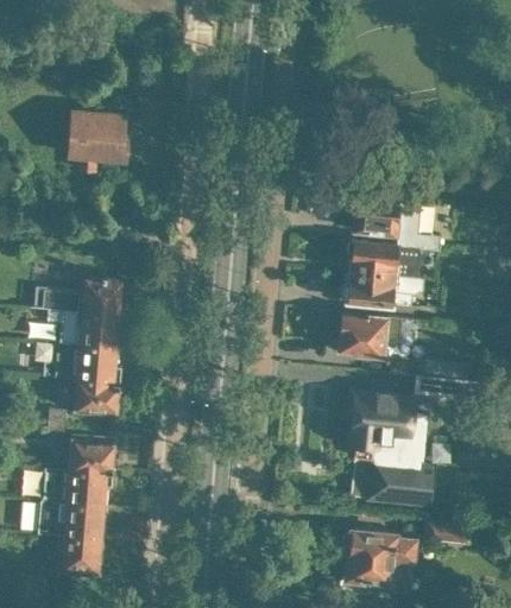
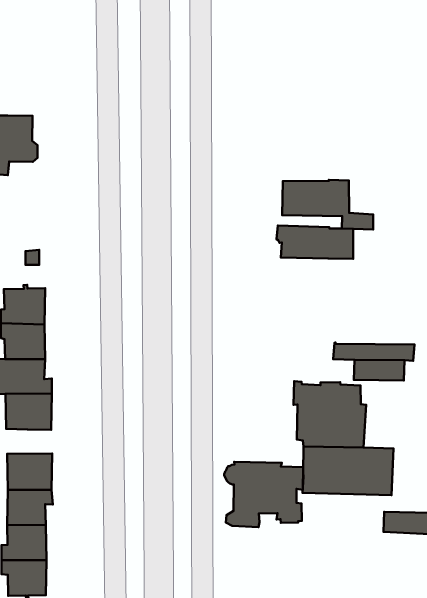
building: [342,271,412,306] -> none
building: [337,311,389,359] -> none
building: [339,530,417,594] -> [224,462,303,527]

